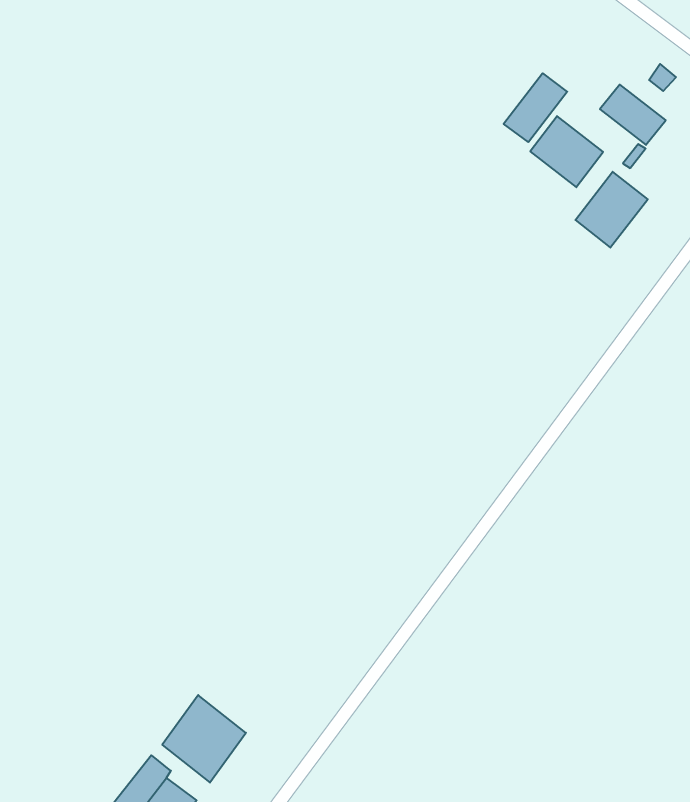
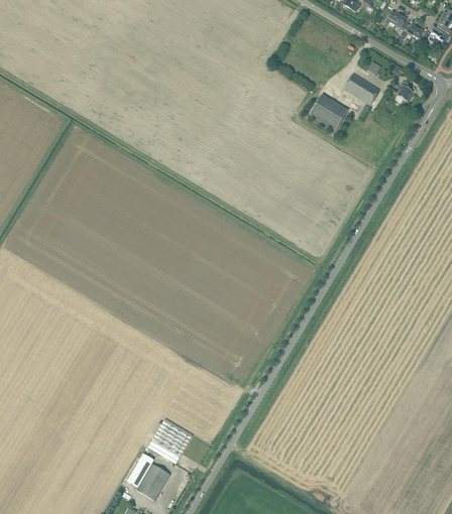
building: [504,73,567,142] -> none
building: [575,172,648,248] -> none

